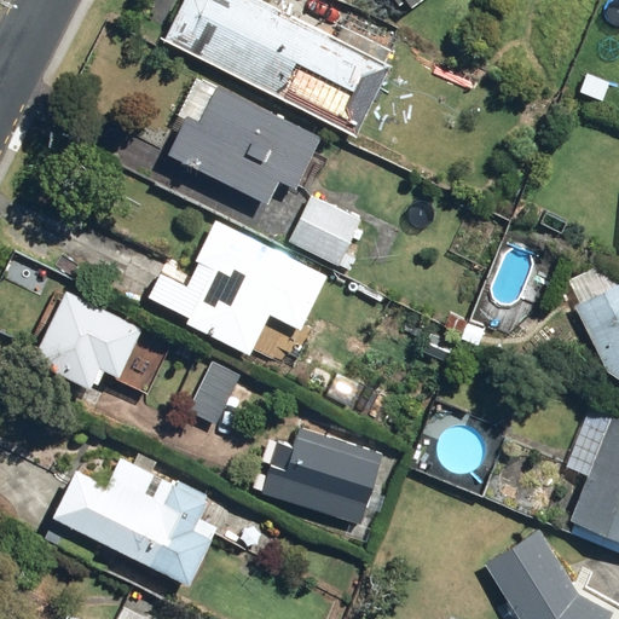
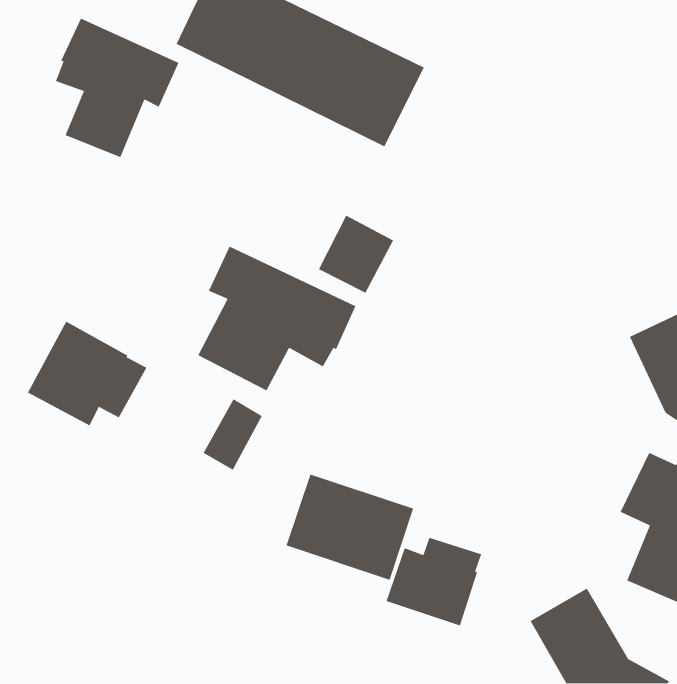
building: none -> [55,18,180,158]
building: [163,85,318,212] -> none
building: [50,458,215,586] -> none
building: none -> [386,537,482,626]

